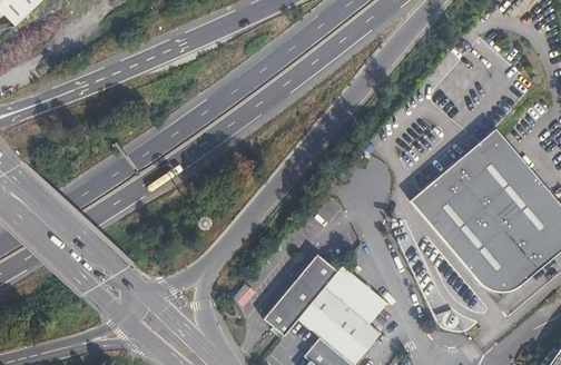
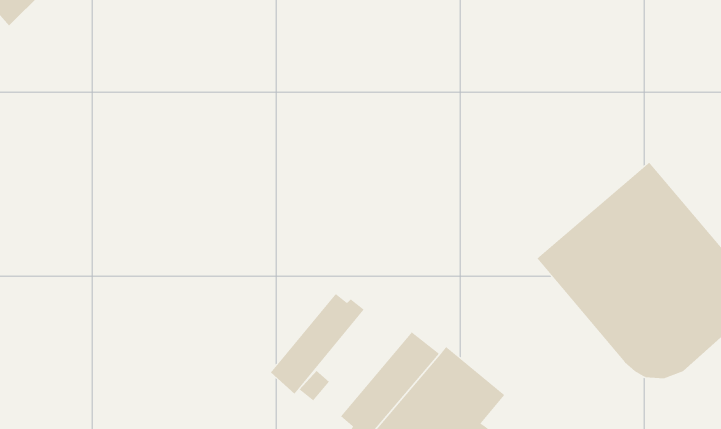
building: none -> [270,293,365,394]

